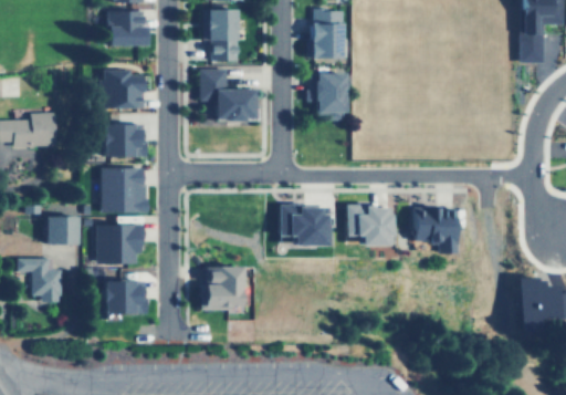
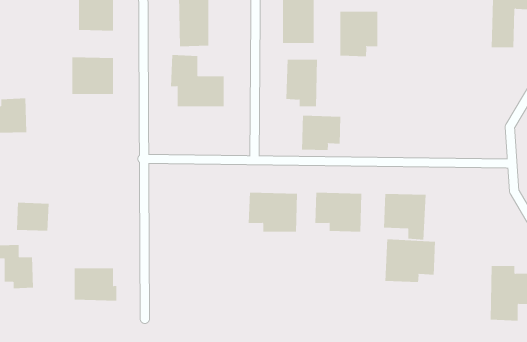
building: none -> [340,11,378,57]
building: [104,124,148,156] -> none
building: none -> [302,115,341,151]
building: [104,167,148,214] -> none
building: [99,225,145,264] -> none
building: none -> [385,239,435,283]
building: [205,266,241,310] -> none

